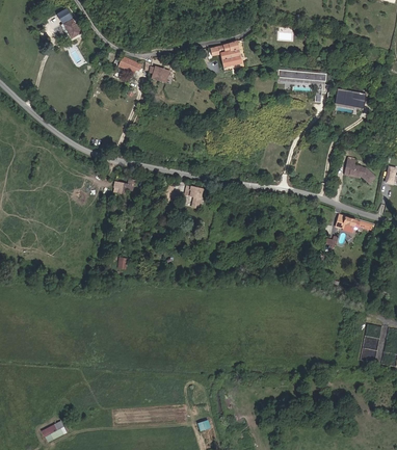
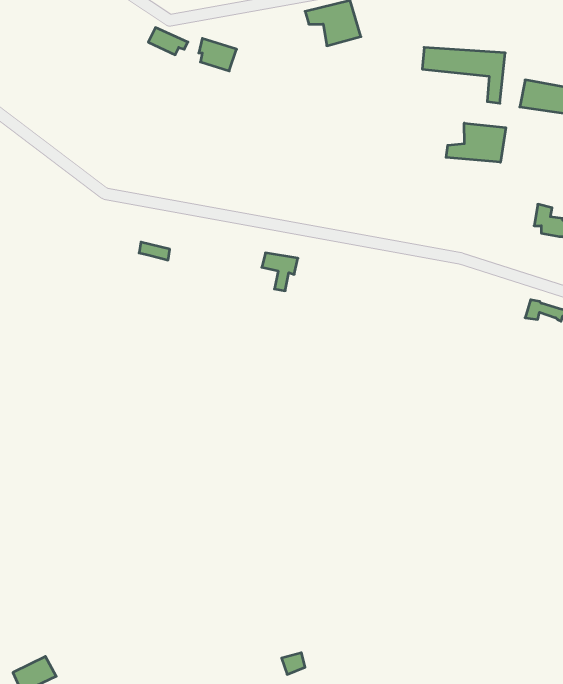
building: none -> [446,123,506,162]

